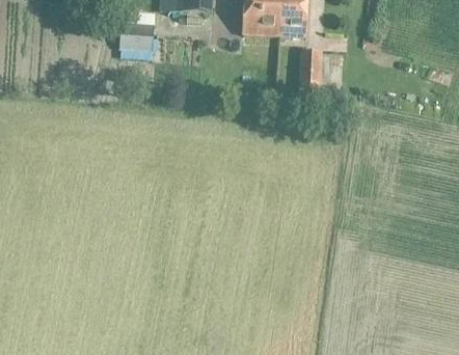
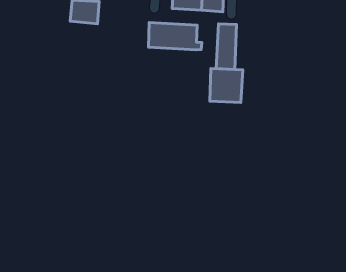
building: none -> [149,22,202,50]
building: none -> [210,68,243,102]

